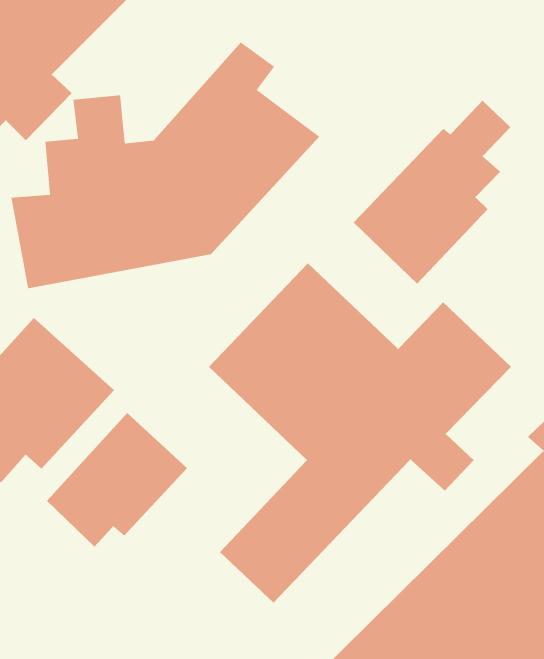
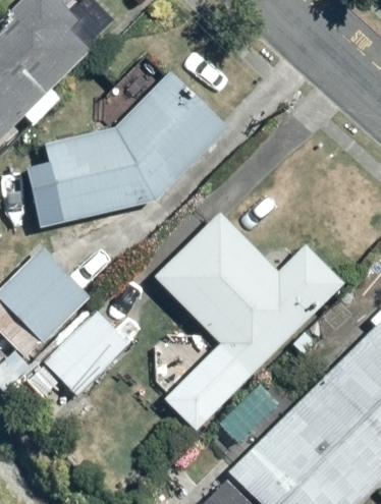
building: [353,100,511,284] -> none

